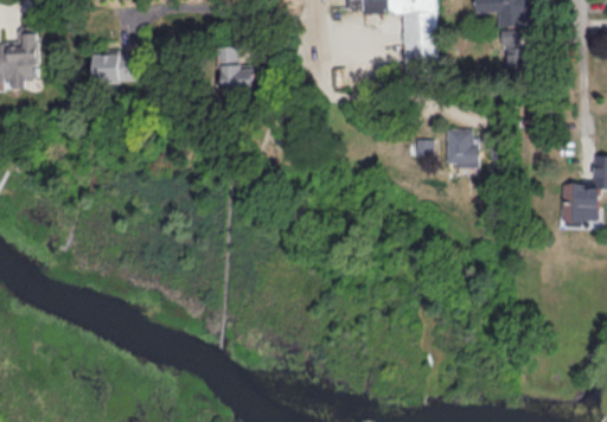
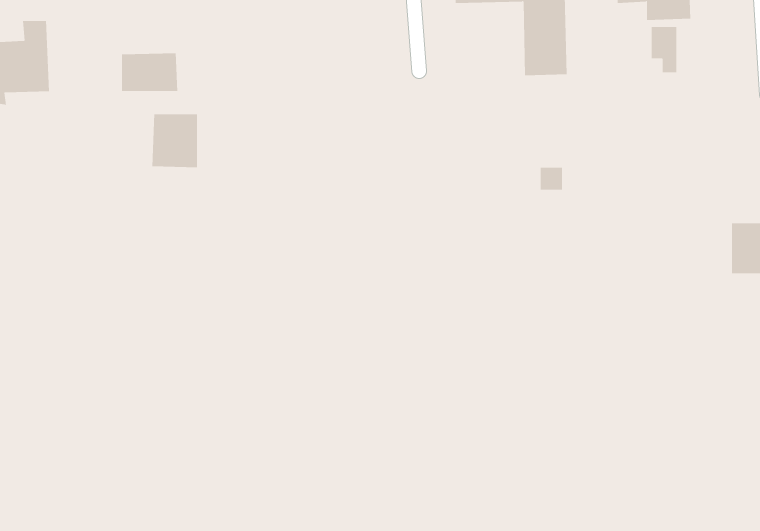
building: [219,47,255,92] -> none
building: none -> [152,114,198,168]
building: [446,129,479,170] -> none

